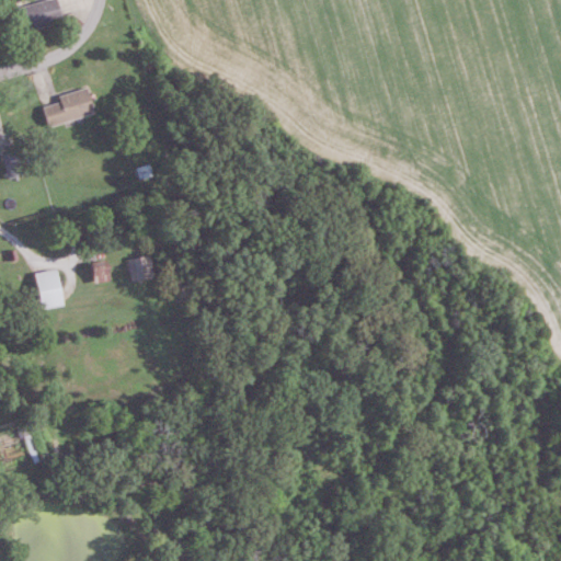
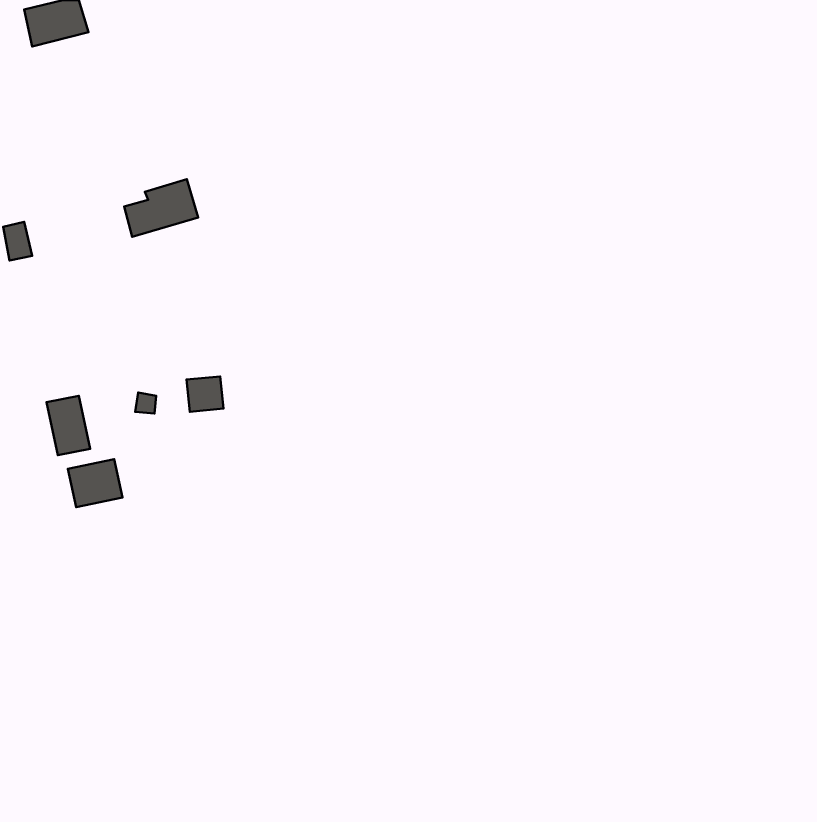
building: [44,88,94,127] -> [124,179,198,237]
building: none -> [68,459,123,507]

